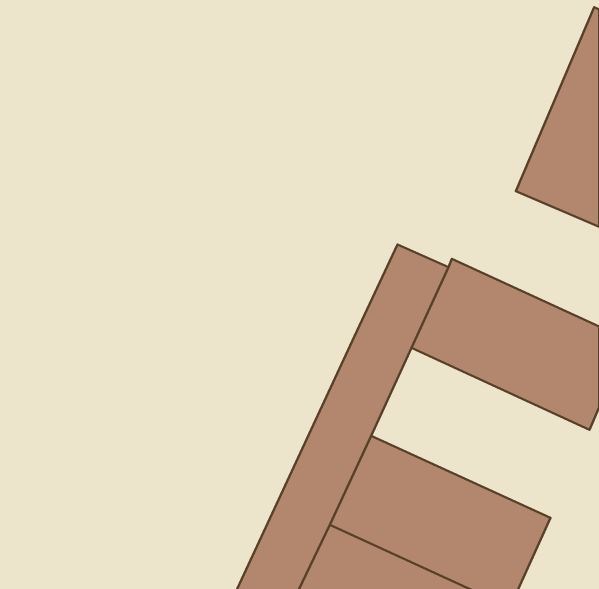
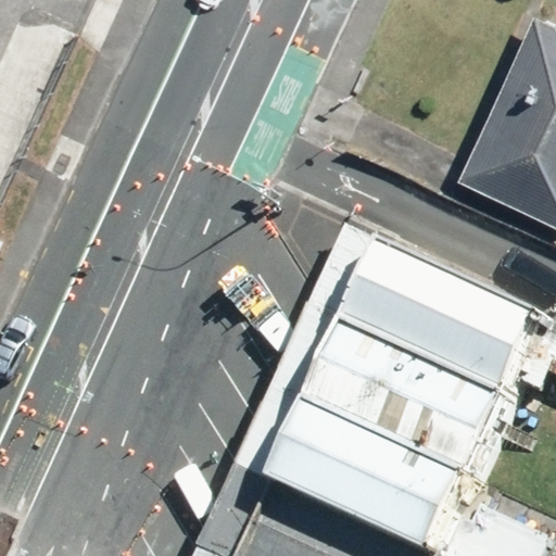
building: none -> [340,334,540,490]

